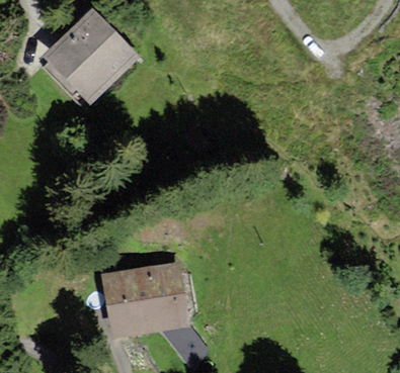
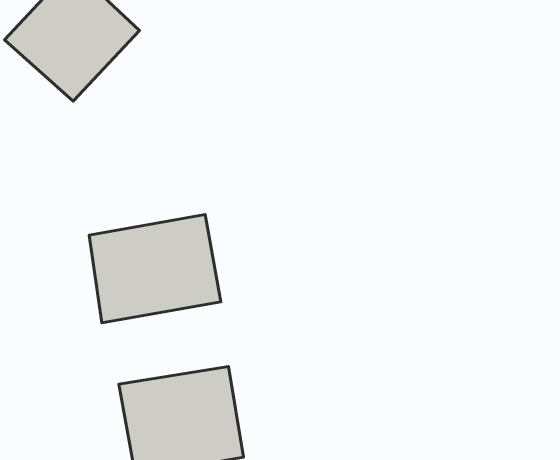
building: none -> [89,215,221,323]

